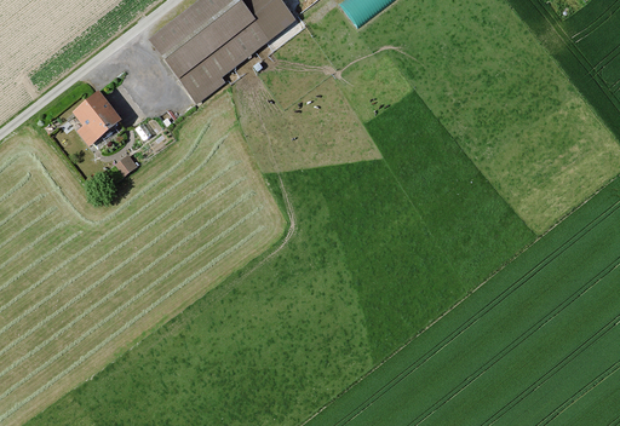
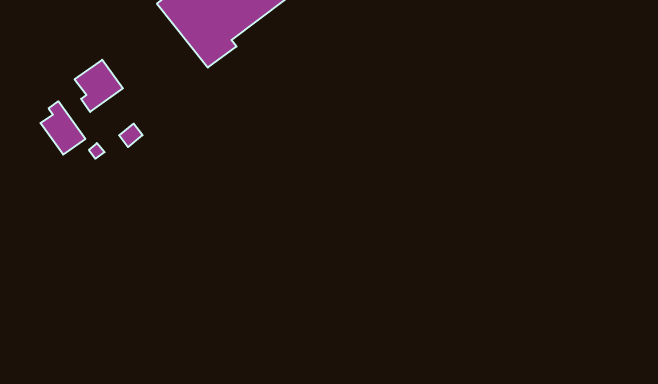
building: none -> [40,101,85,155]

